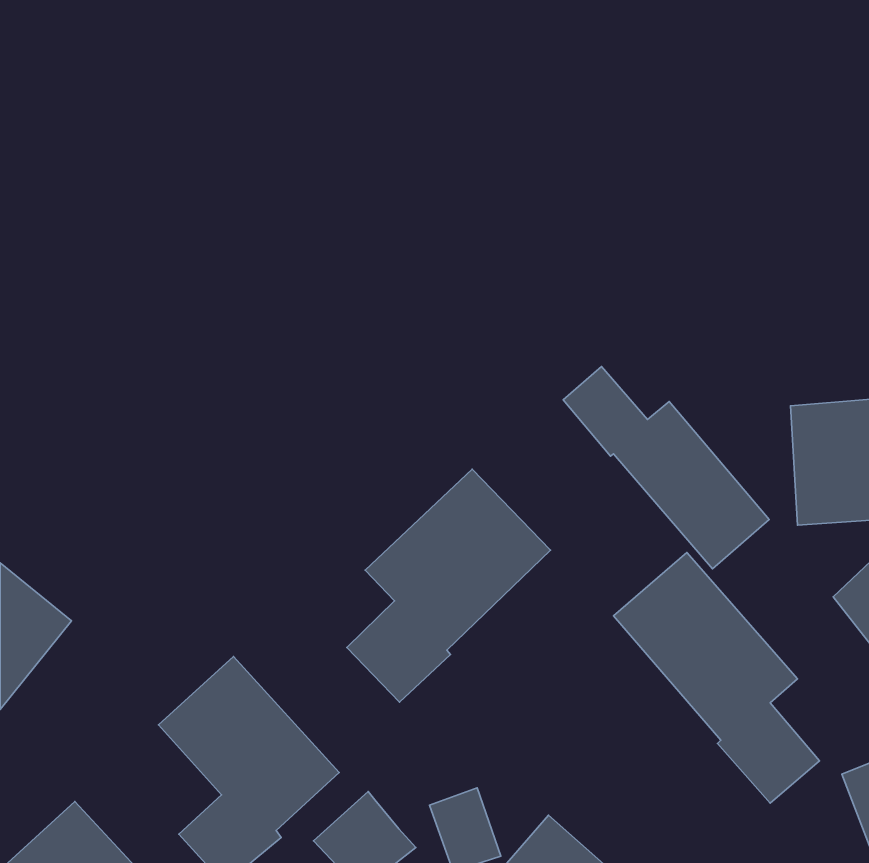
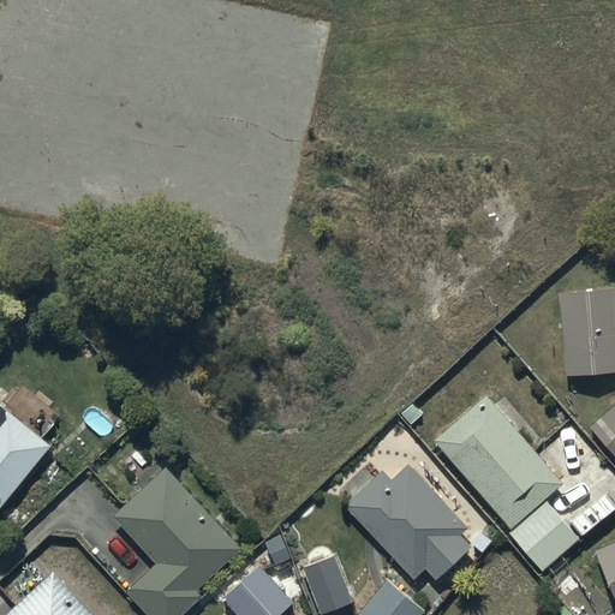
building: [563,367,769,569] -> none
building: [347,469,551,702] -> none
building: none -> [344,466,472,581]

